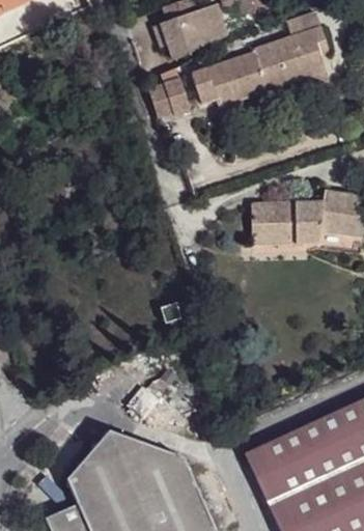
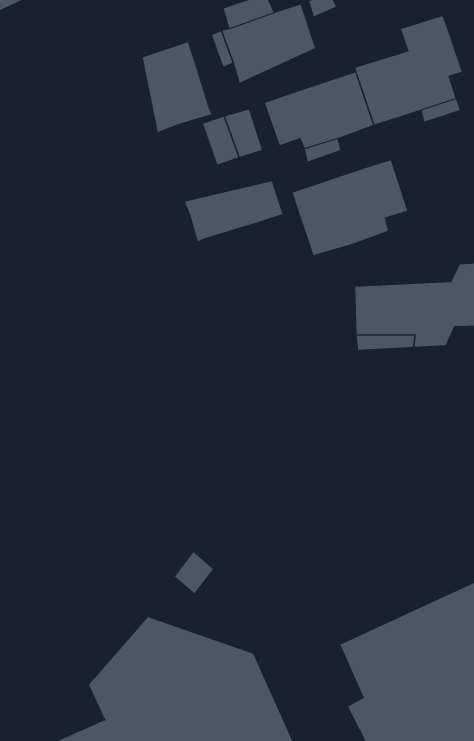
building: none -> [142,42,212,133]
building: none -> [292,160,408,256]
building: none -> [184,180,283,242]

